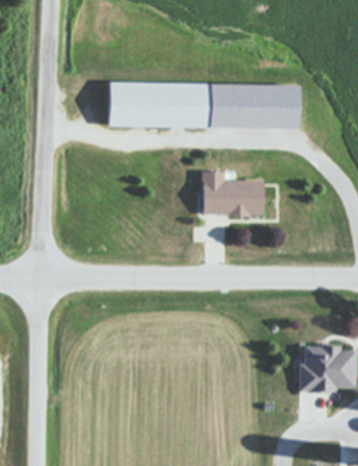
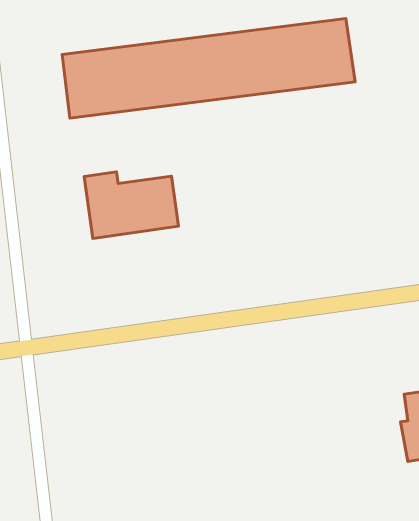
building: [204,172,263,215] -> [84,172,179,238]

